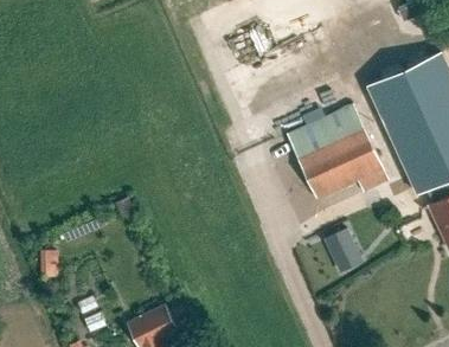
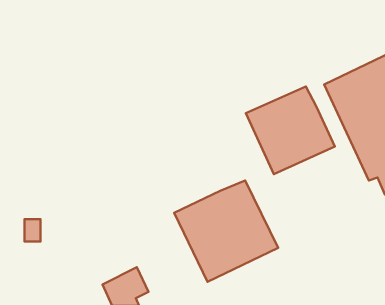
building: none -> [174,180,278,282]
building: [322,227,363,274] -> none

